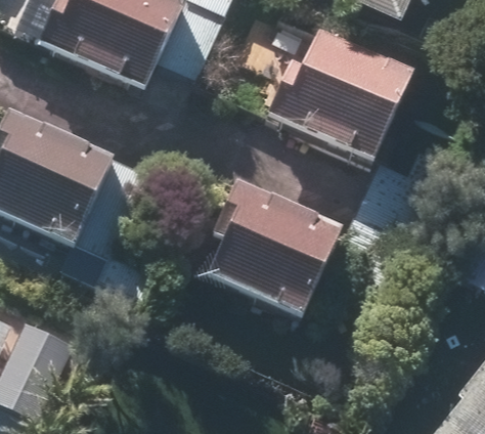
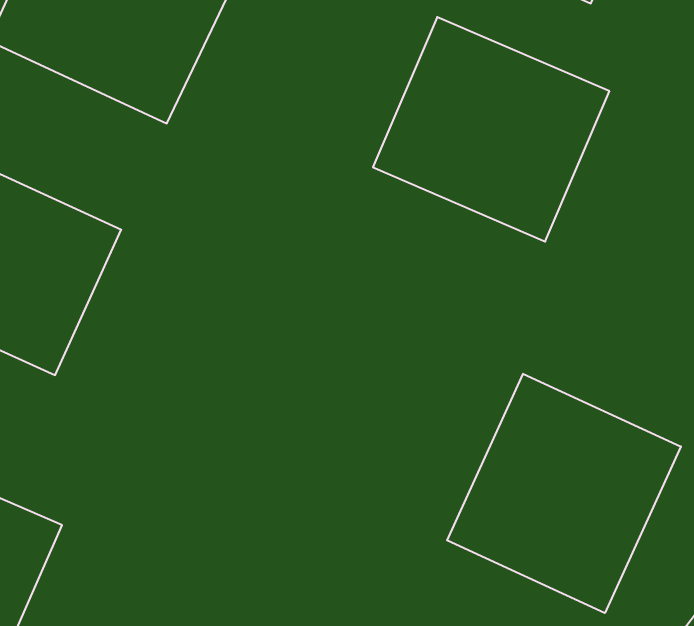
building: [191,185,339,324] -> none
building: none -> [447,374,681,613]

